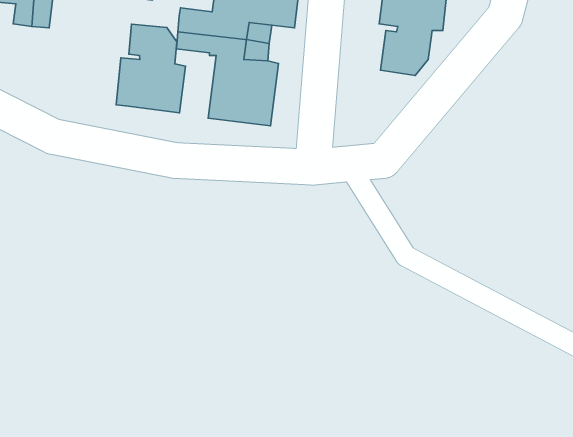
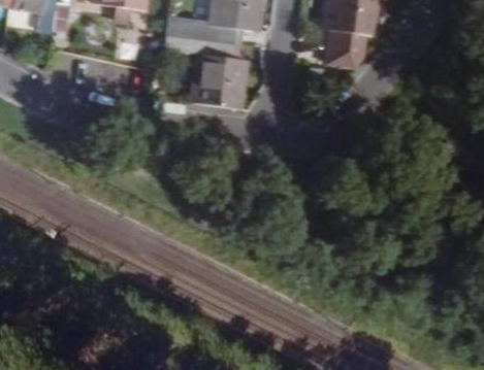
building: [116,24,186,113] -> none

